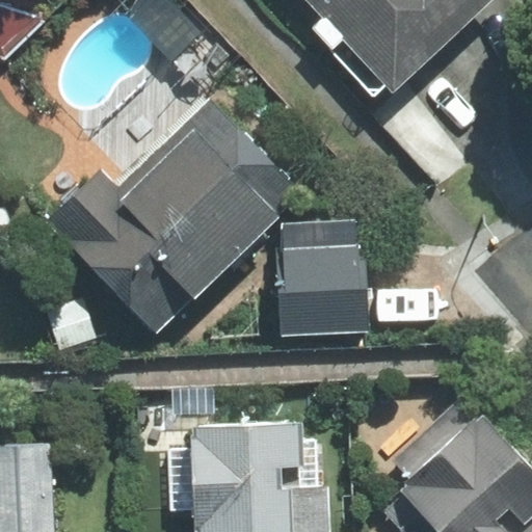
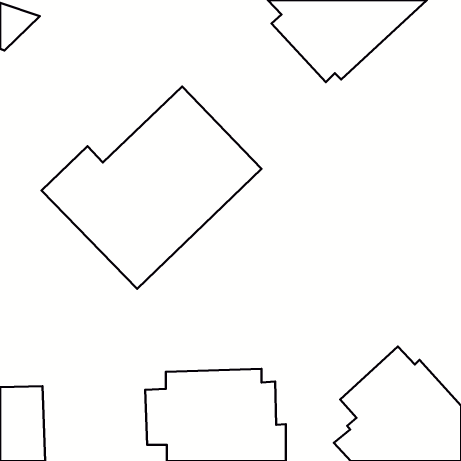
building: [277,221,369,337] -> none

